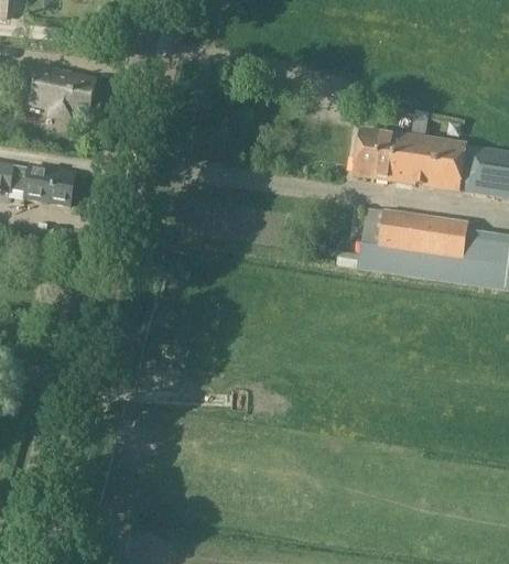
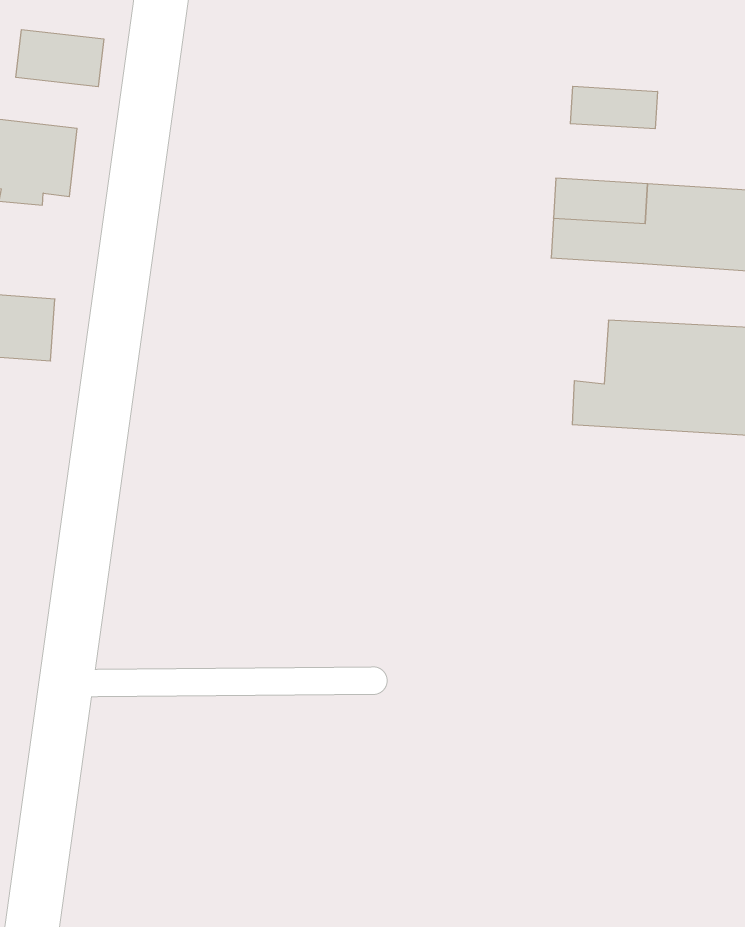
building: none -> [16,30,104,87]
building: none -> [570,86,657,129]

